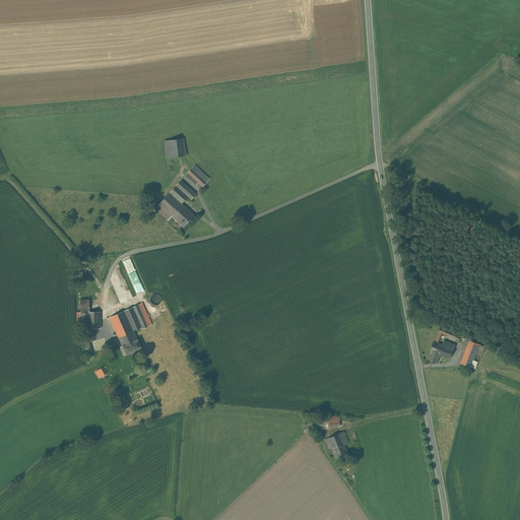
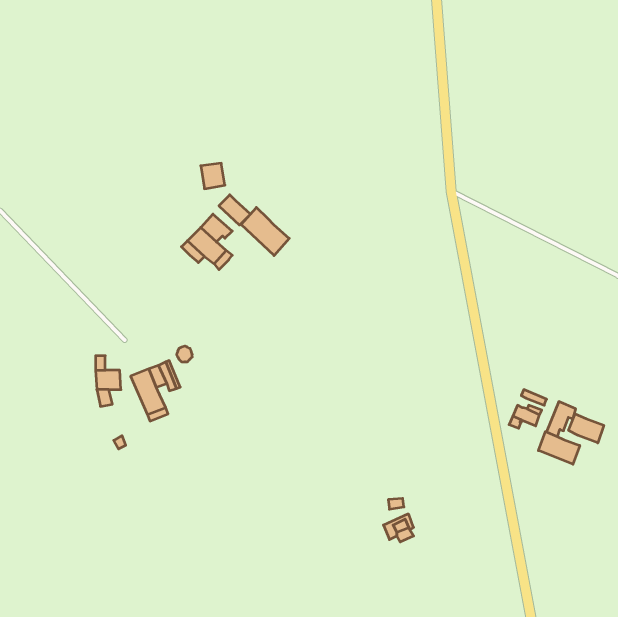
building: none -> [241,207,289,256]
building: none -> [569,414,604,443]
building: none -> [538,432,580,464]

